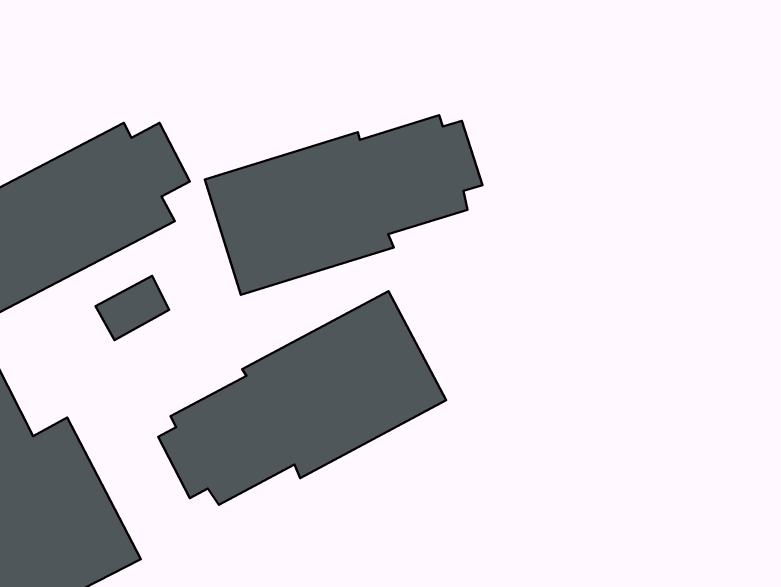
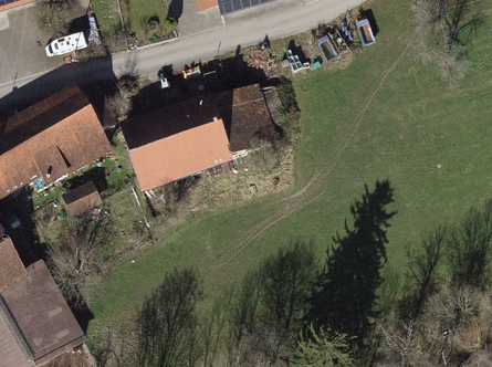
building: [158,291,446,505] -> none

